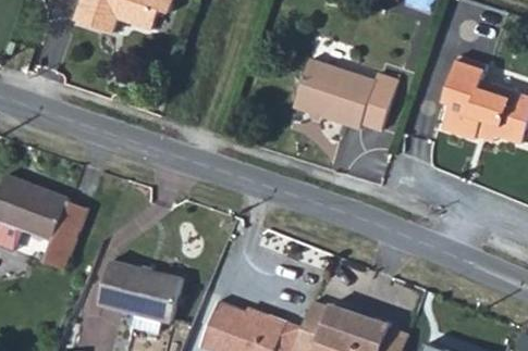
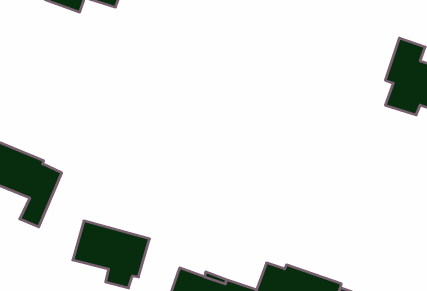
building: [292,62,395,137] -> none

